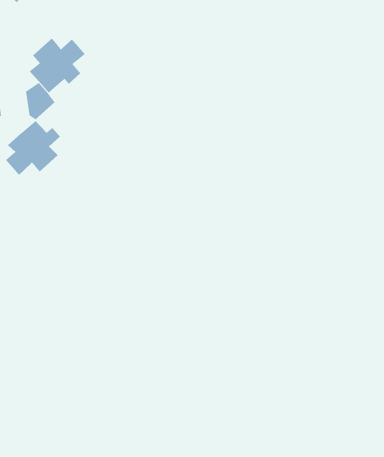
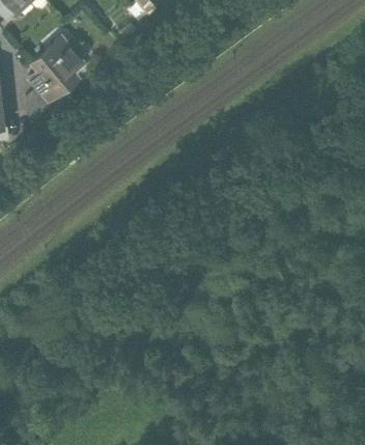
building: [5,120,61,176] -> none

